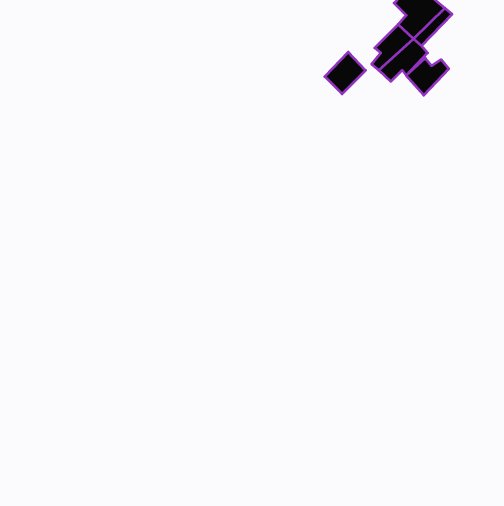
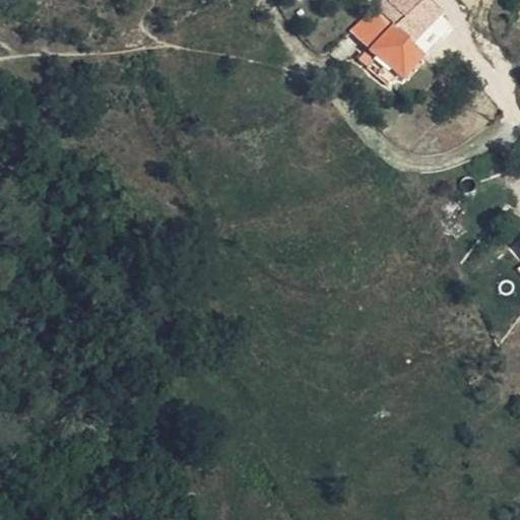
building: [325,52,366,94] -> [356,6,397,48]
building: [406,58,449,95] -> none

